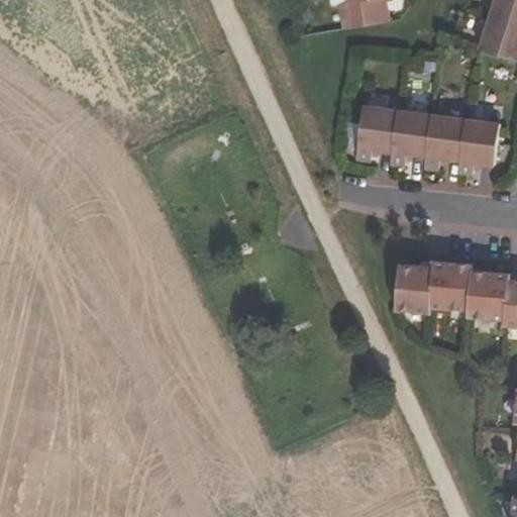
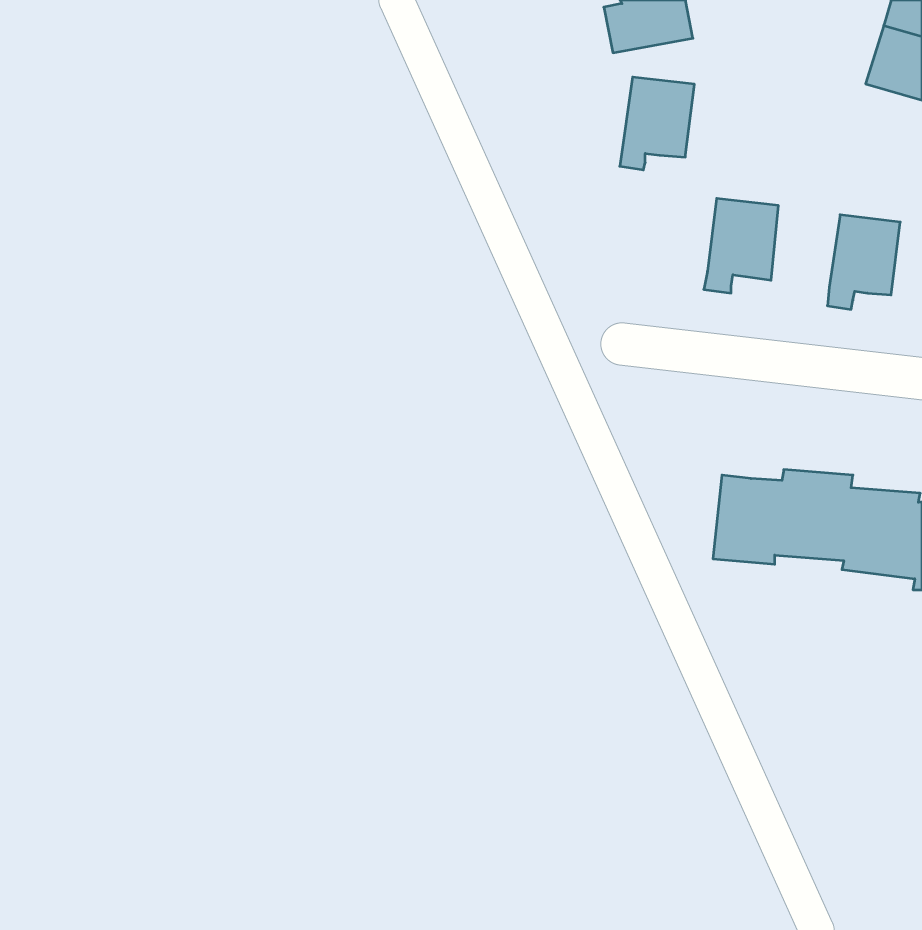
building: [356,106,398,158] -> [620,77,694,170]
building: [427,114,467,167] -> none

